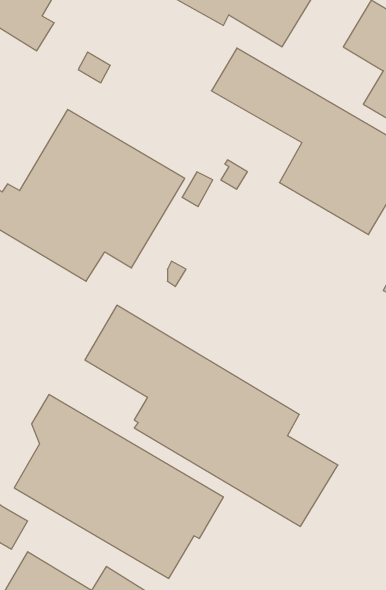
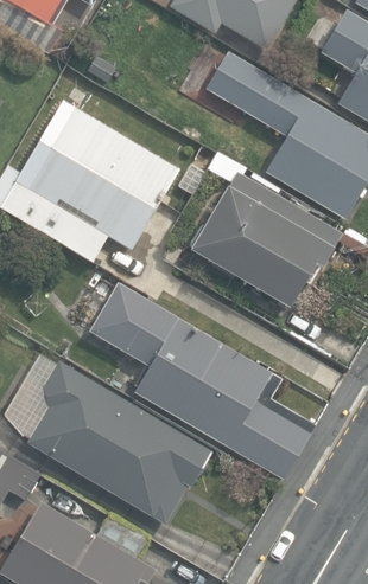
building: none -> [190,172,342,309]

